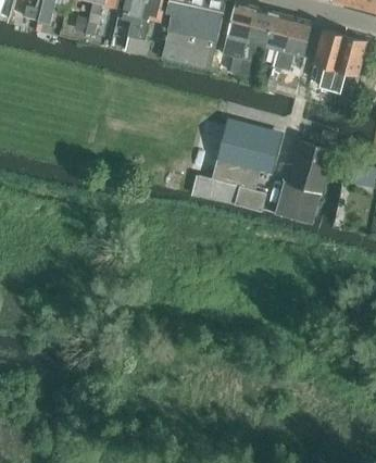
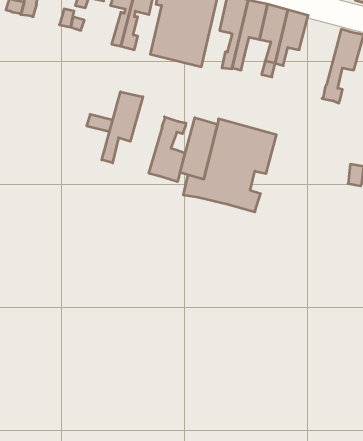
building: [313,30,343,89] -> none
building: none -> [102,92,143,163]
building: none -> [149,117,186,182]
building: [275,132,338,225] -> none

